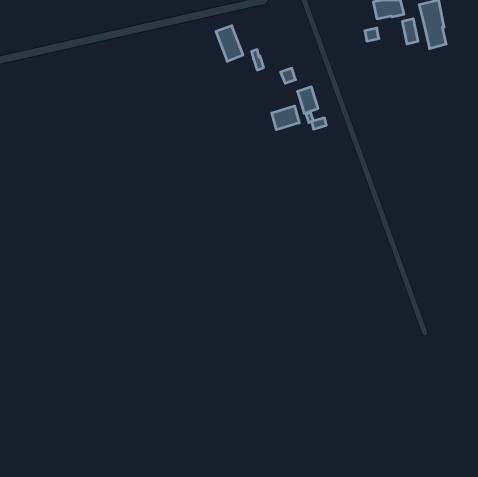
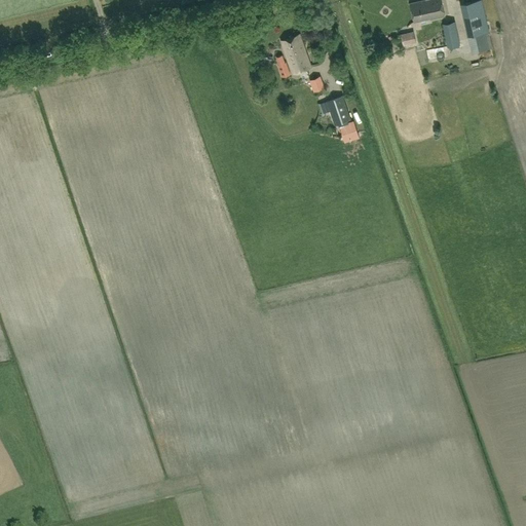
building: [216,26,243,61] -> [280,35,310,74]
building: [272,106,299,130] -> none

